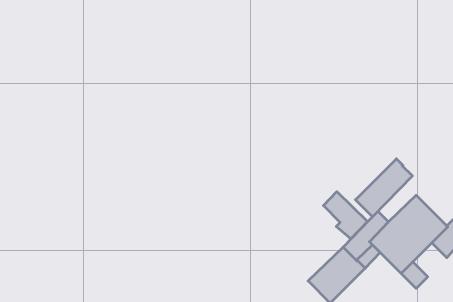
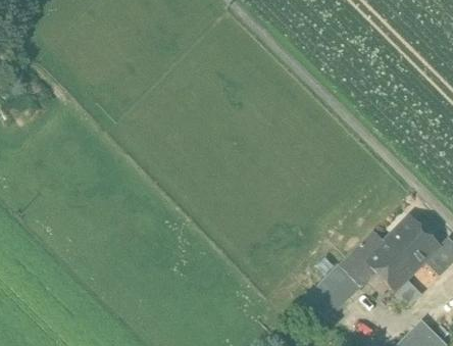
building: [355,159,412,217] -> none
building: [323,192,368,240] -> none

